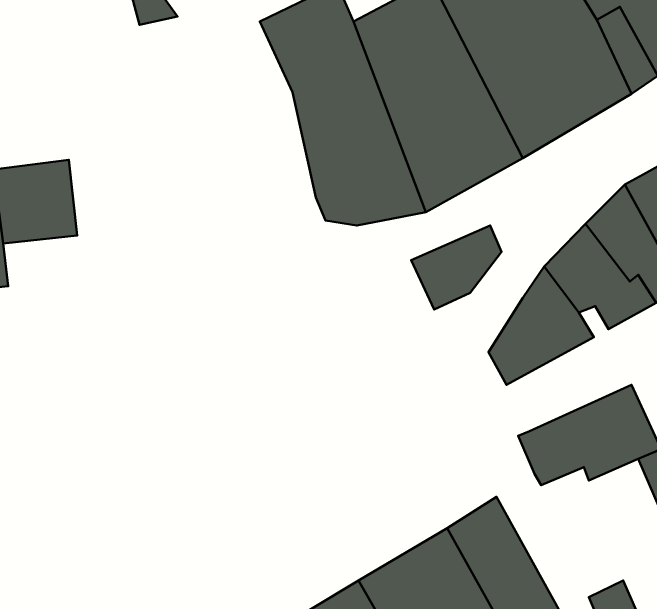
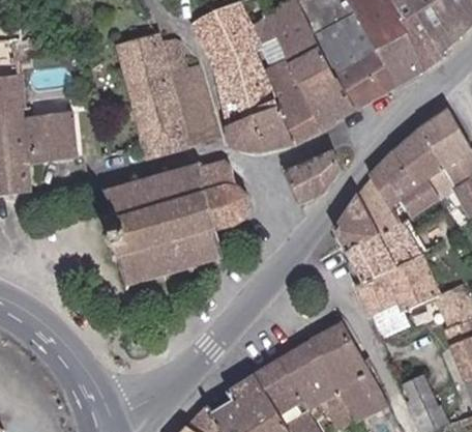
building: none -> [117,35,216,153]
building: none -> [99,159,248,292]
building: none -> [346,219,424,281]

